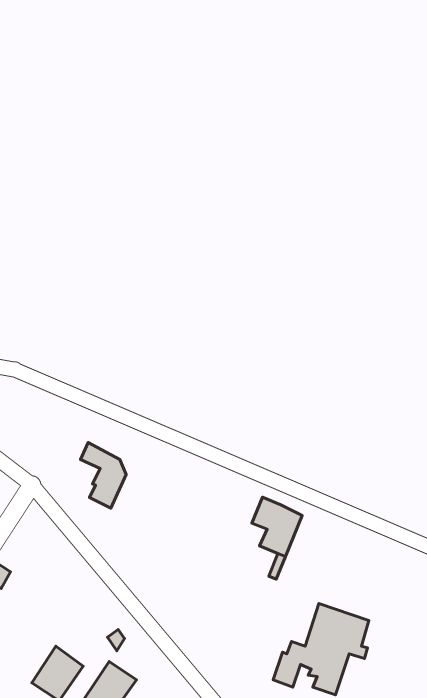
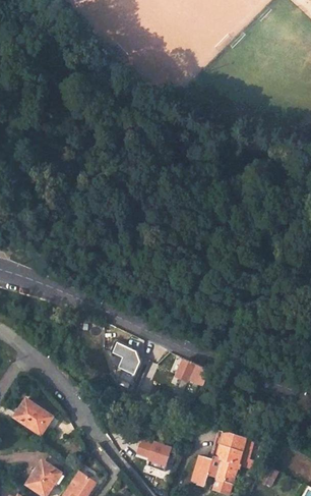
building: [80,443,126,508] -> [108,340,138,384]
building: none -> [14,397,54,432]
building: none -> [136,442,171,471]

